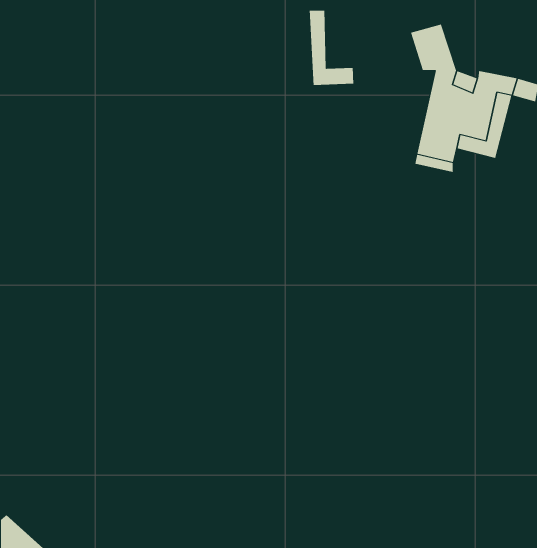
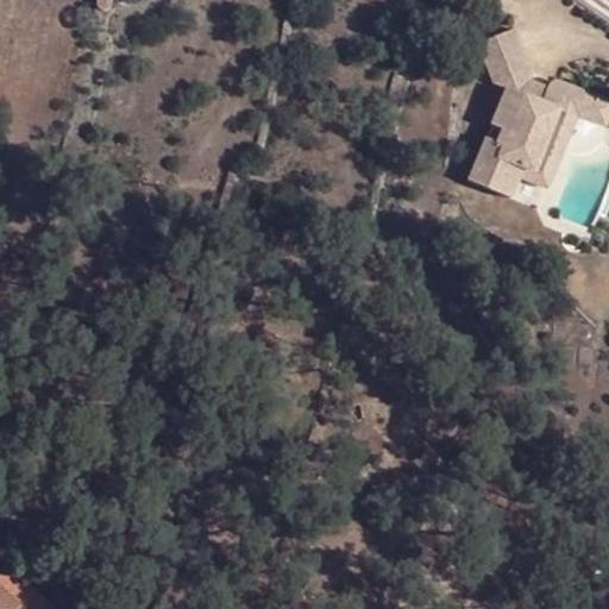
building: [309,10,354,86] -> none

